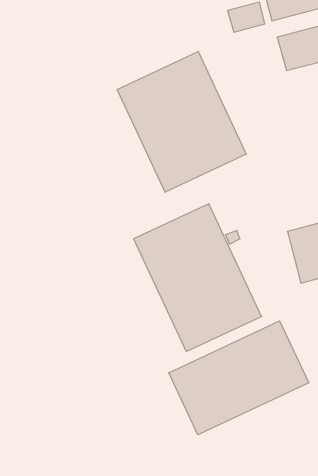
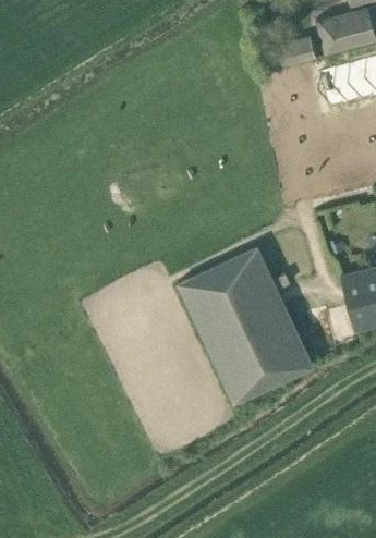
building: [117,51,246,192] -> none
building: [169,321,309,435] -> none

